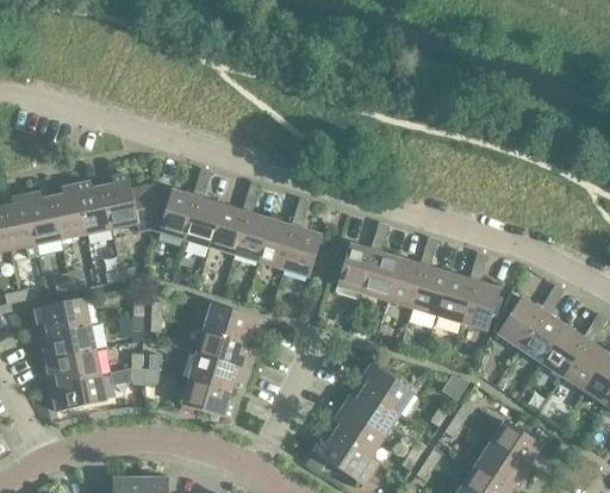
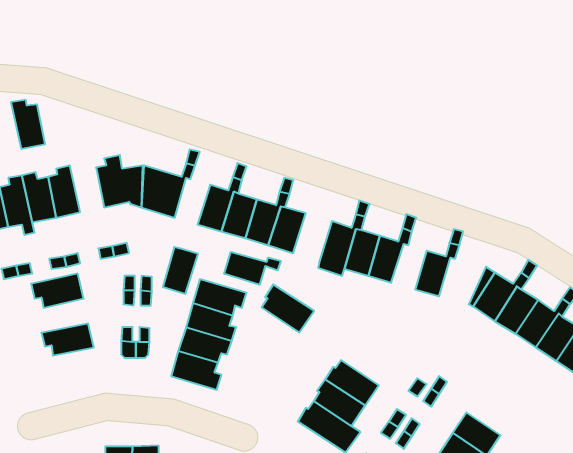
building: [75,181,111,232] -> [11,100,45,149]
building: [185,196,222,245] -> [163,247,198,294]
building: [411,266,448,313] -> none
building: none -> [224,252,281,285]
building: [461,280,499,329] -> none
building: [43,323,94,358] -> none
building: [359,363,413,413] -> [262,285,314,332]
building: [52,374,105,411] -> none
building: [490,419,541,466] -> none

